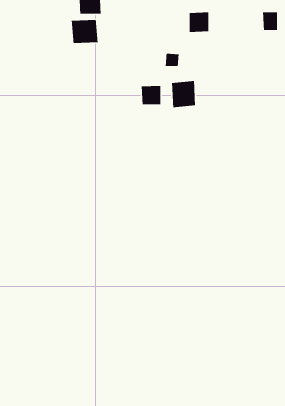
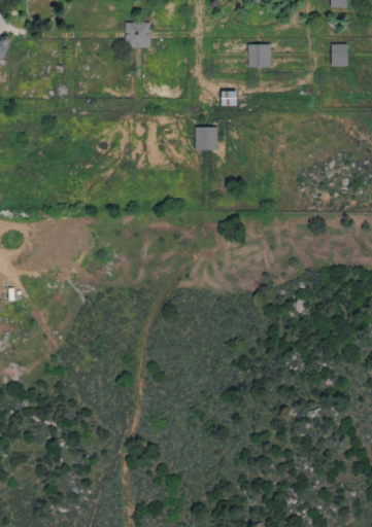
building: [71,19,99,44] -> none
building: [171,80,196,108] -> none

